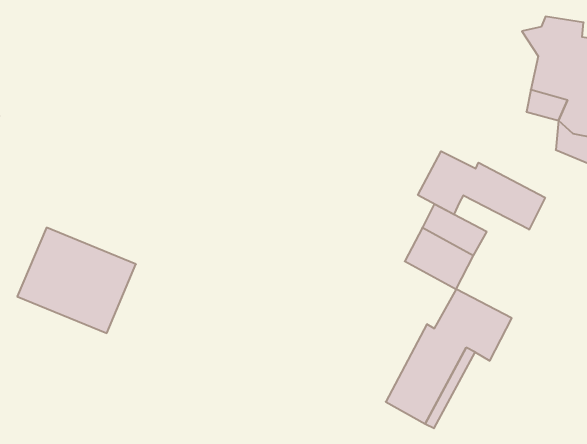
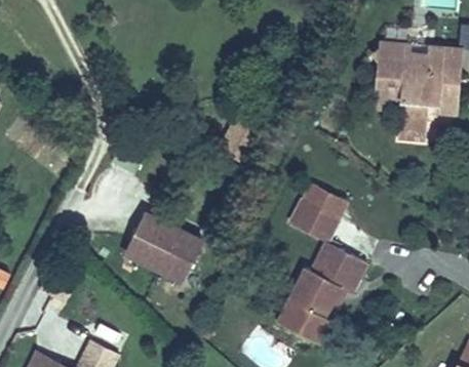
building: [418,151,545,230] -> none
building: [17,228,136,333] -> [130,218,213,292]

